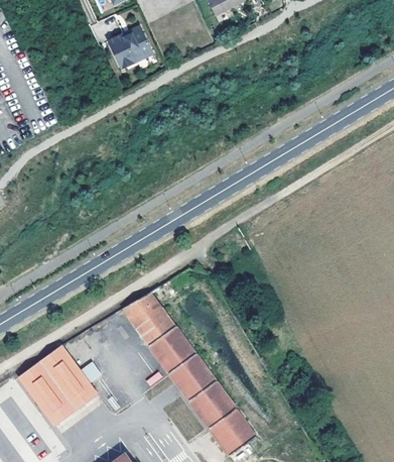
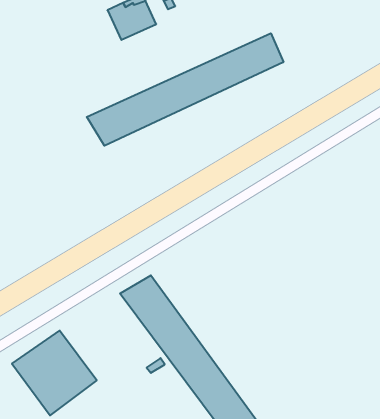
building: none -> [87,33,283,146]

